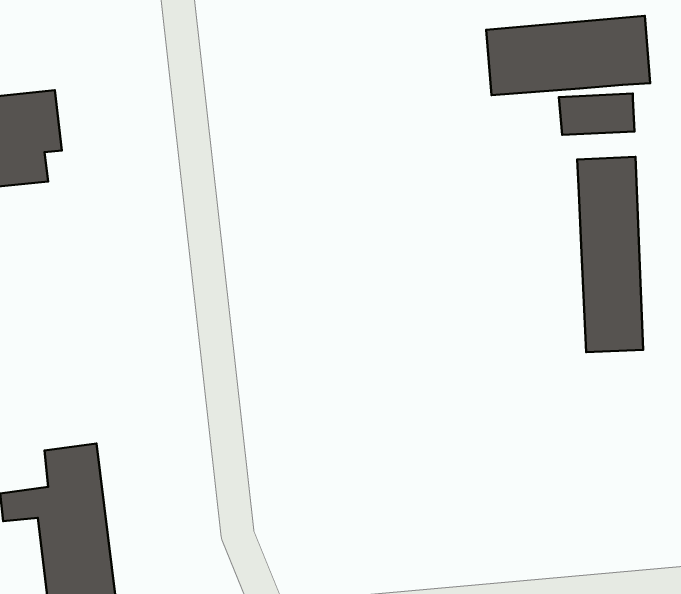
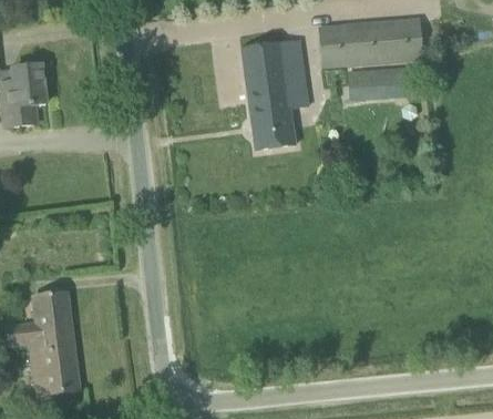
building: none -> [242,39,310,149]
building: [577,157,643,352] -> none

